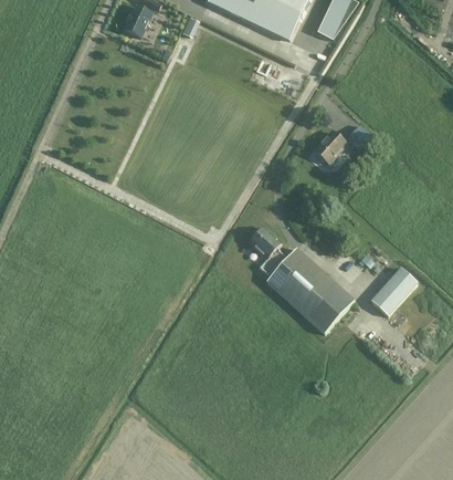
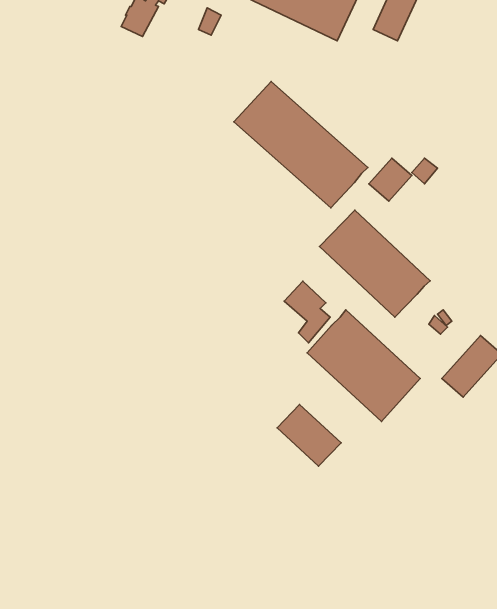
building: none -> [234,81,368,208]
building: none -> [320,210,430,317]
building: none -> [277,405,341,466]

